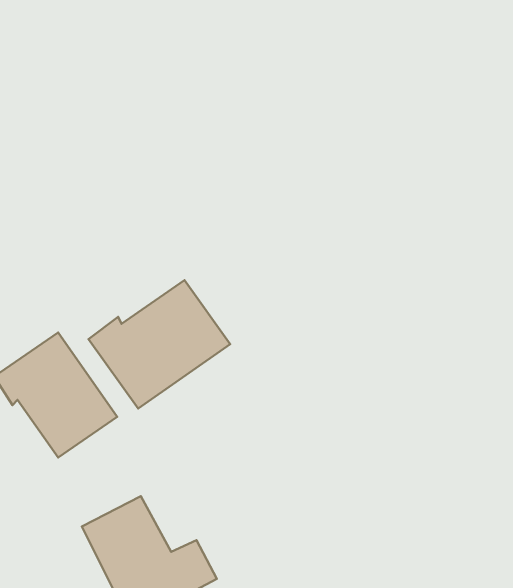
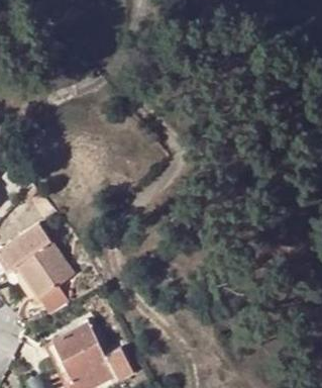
building: [89,280,230,409] -> none

